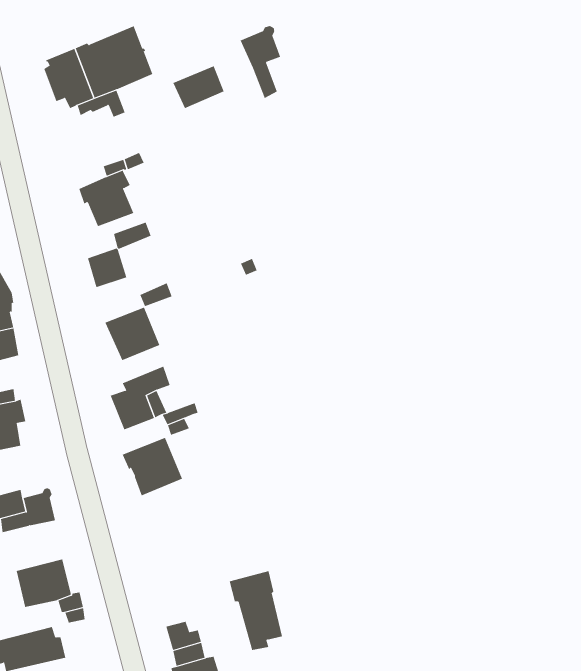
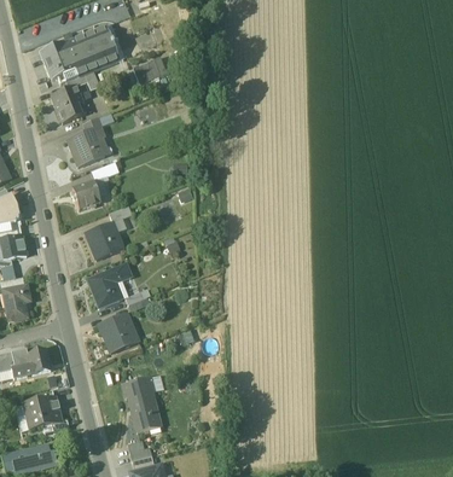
building: [240,25,281,99] -> none
building: none -> [51,85,82,122]
building: [229,571,283,651] -> [122,376,159,431]

